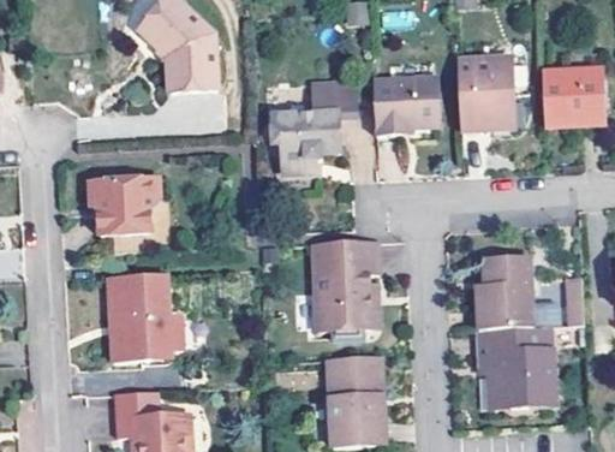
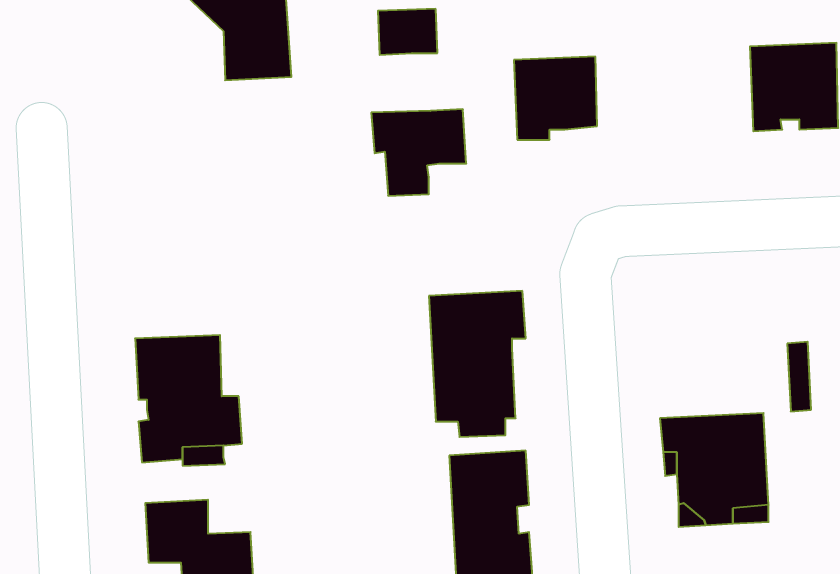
building: [455,56,512,131] -> none
building: [314,81,356,113] -> [378,9,437,55]
building: [94,174,161,237] -> none
building: [474,252,562,331] -> none

